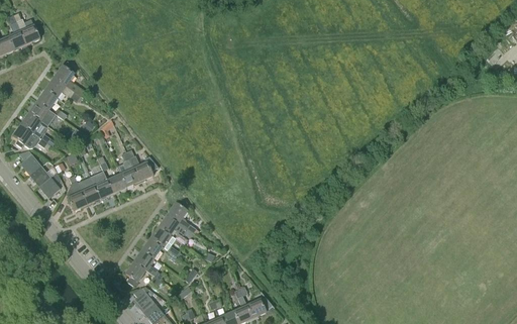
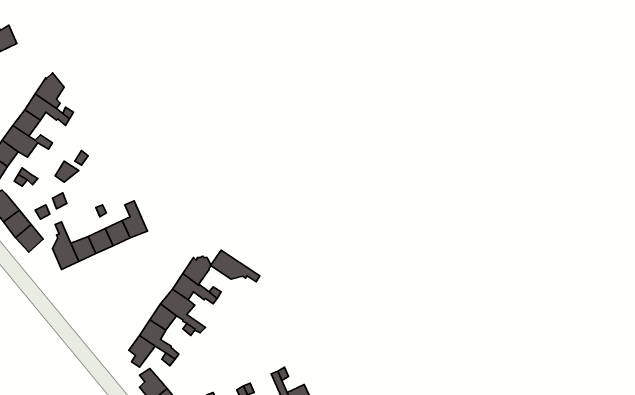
building: [129,155,159,182] -> none
building: none -> [211,250,260,282]

